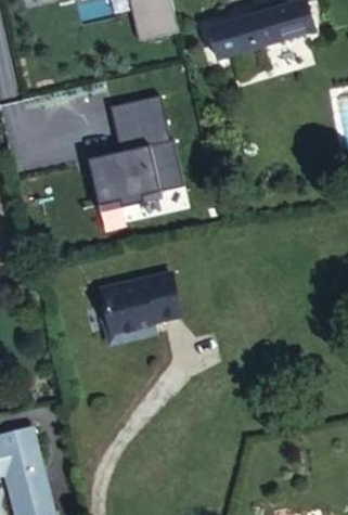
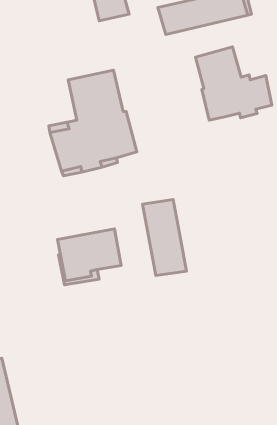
building: none -> [196,47,272,120]
building: none -> [143,200,187,276]

